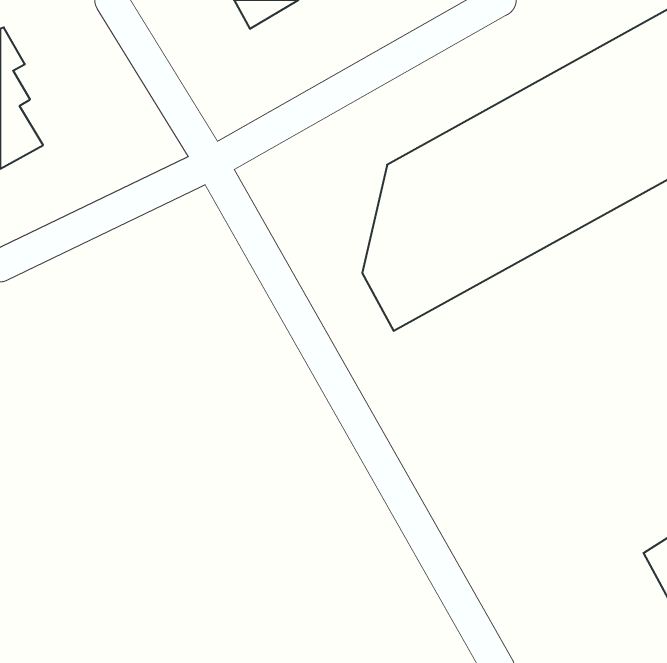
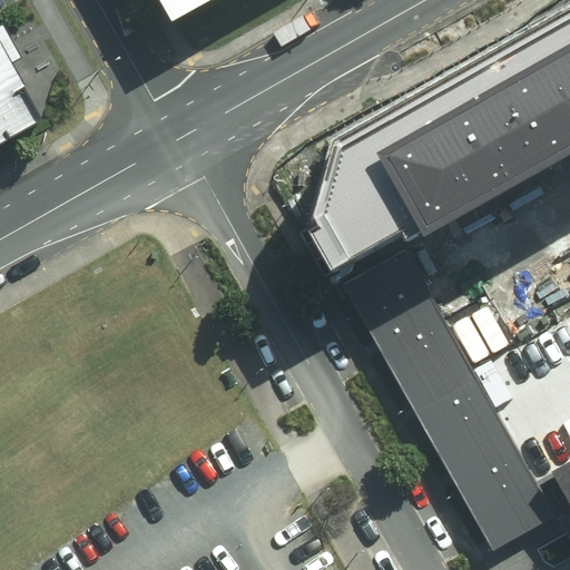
building: none -> [348,255,554,557]

